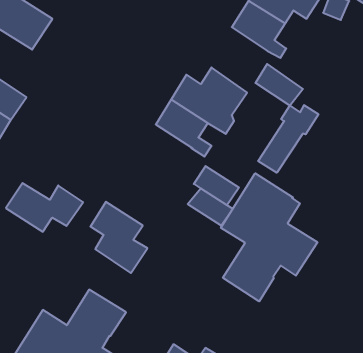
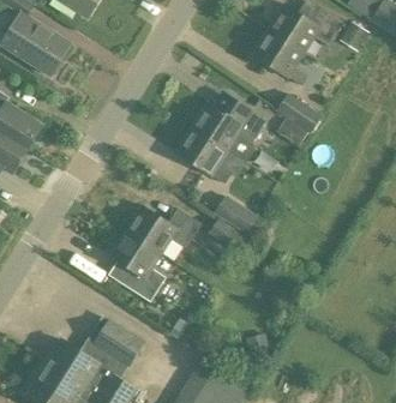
building: [258,105,318,173] -> none
building: [221,173,317,301] -> none
building: [6,183,83,232] -> [125,205,203,254]

